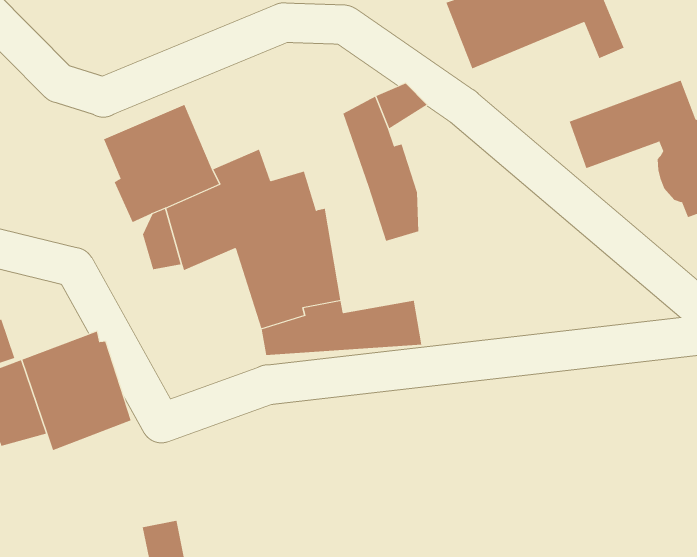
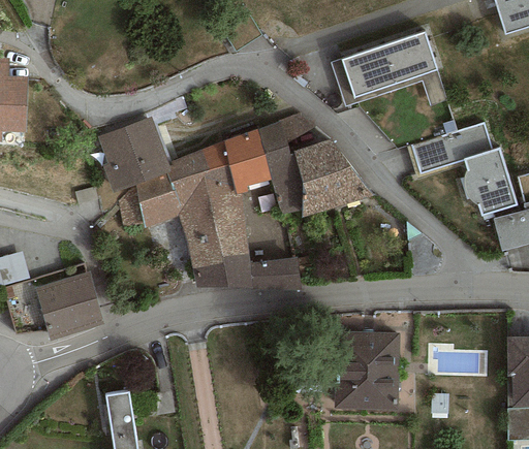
building: none -> [200,129,271,192]
building: none -> [295,137,373,217]
building: none -> [335,330,400,410]

